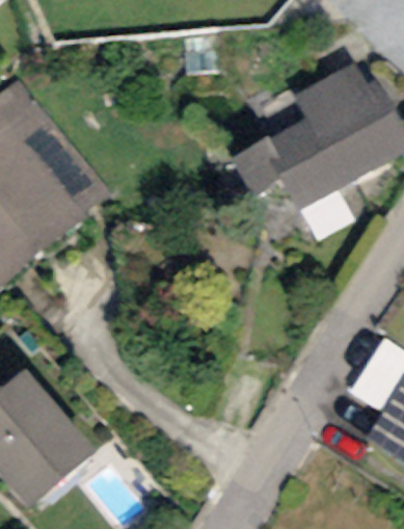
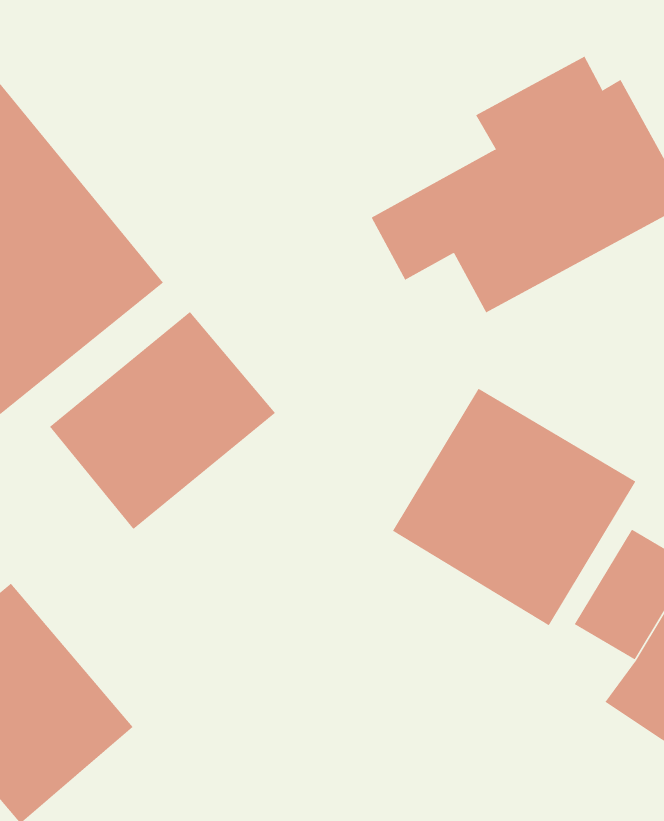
building: none -> [49,311,276,530]
building: none -> [392,388,636,626]

